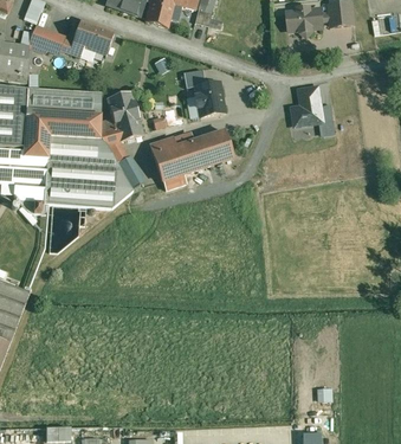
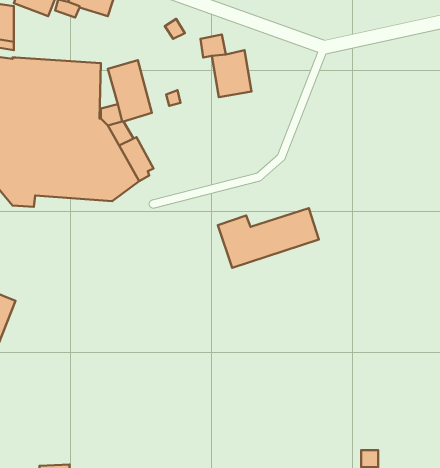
building: [291,86,326,134] -> none
building: [149,130,233,180] -> [218,208,319,268]

